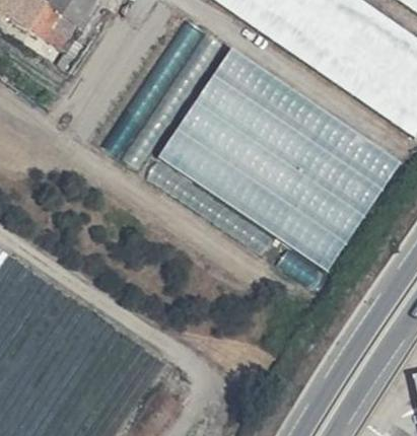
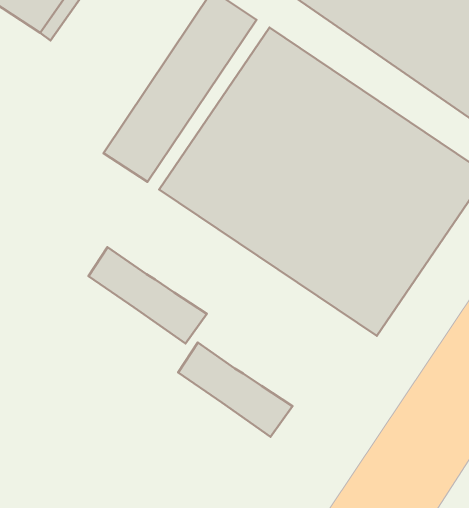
building: none -> [89,247,207,344]
building: none -> [178,342,293,437]

